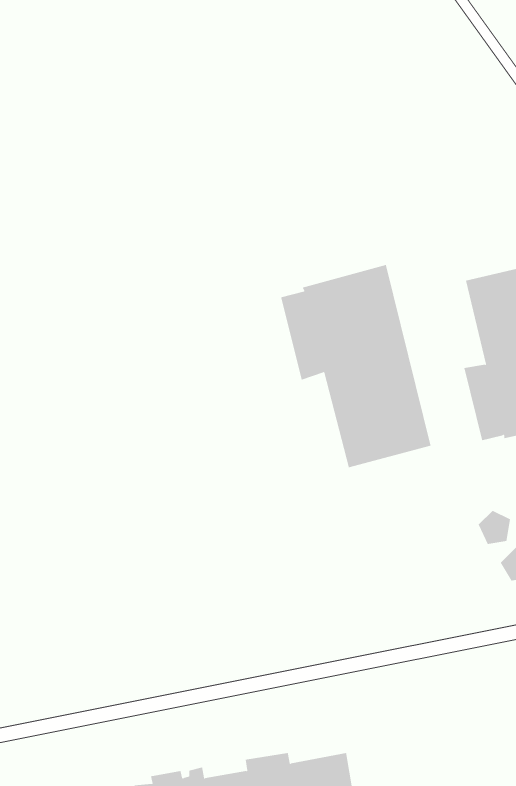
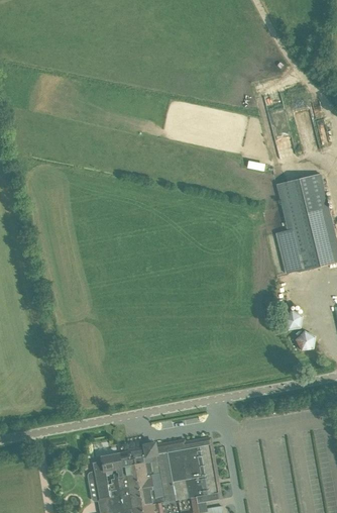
building: [281,264,431,468] -> none

